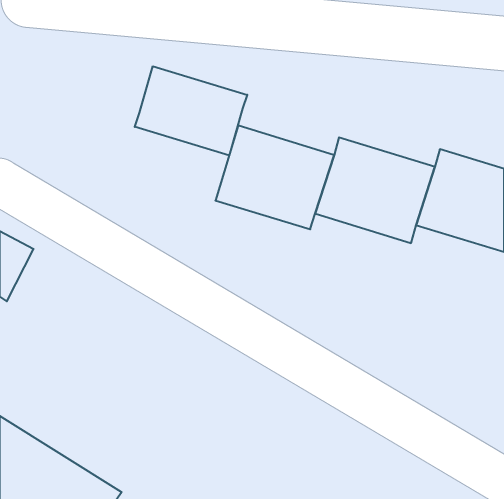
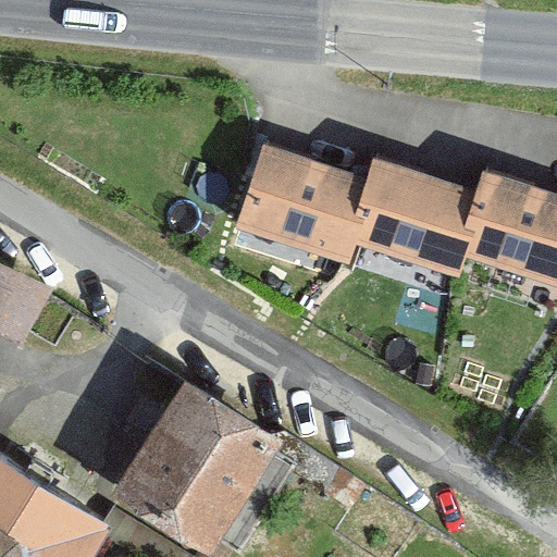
building: [135,66,247,155] -> none
building: none -> [112,379,286,550]

